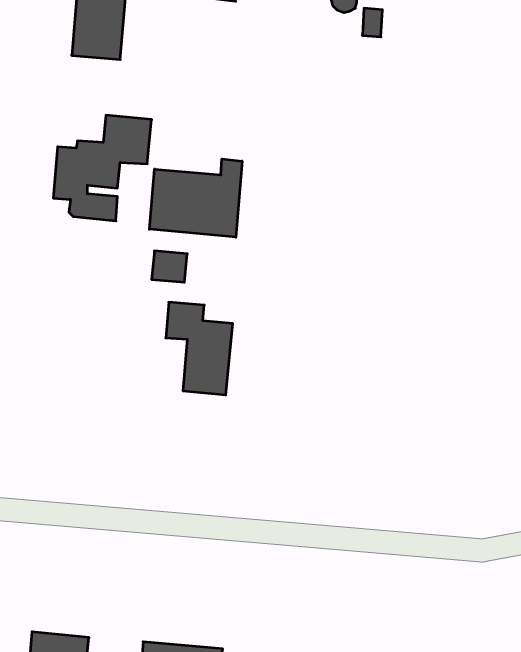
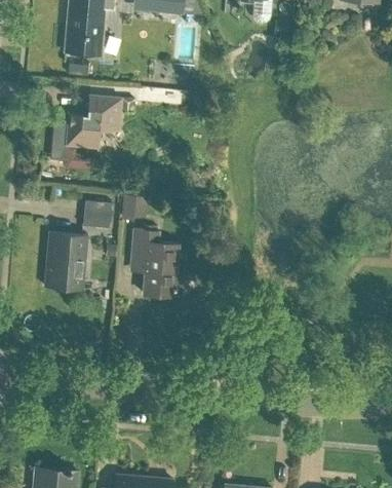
building: [149,159,242,237] -> none
building: none -> [82,198,113,226]
building: none -> [44,232,88,289]

